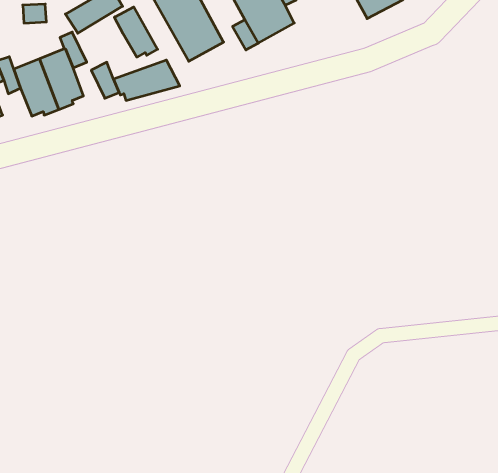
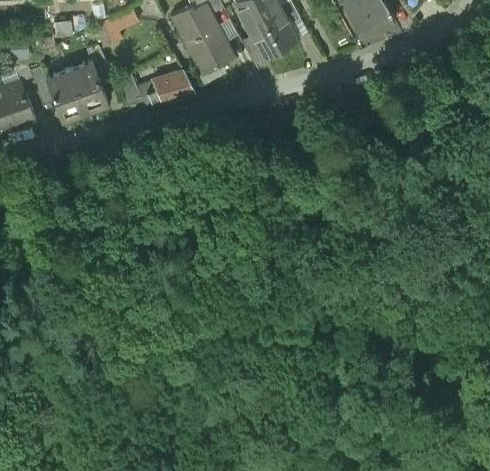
building: [114,7,158,57] -> none

